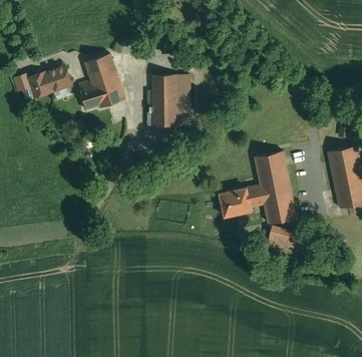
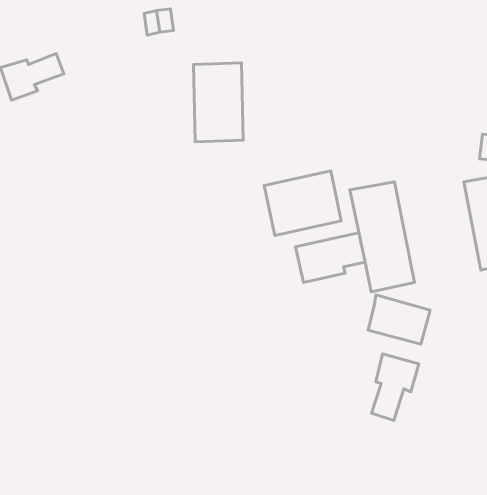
building: [73,54,124,109] -> none
building: none -> [264,171,341,236]
building: none -> [371,354,419,421]

